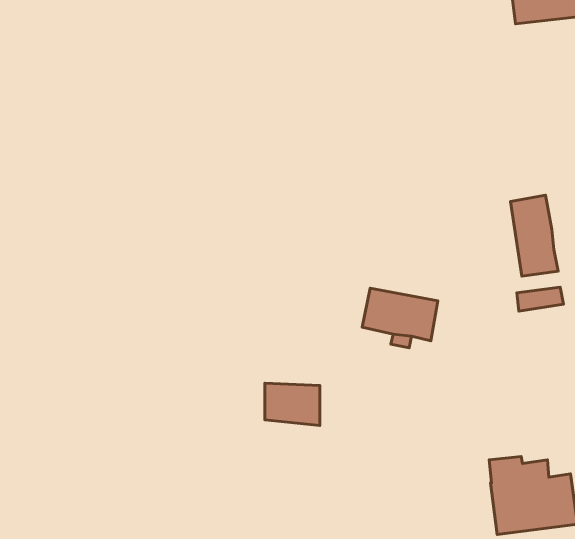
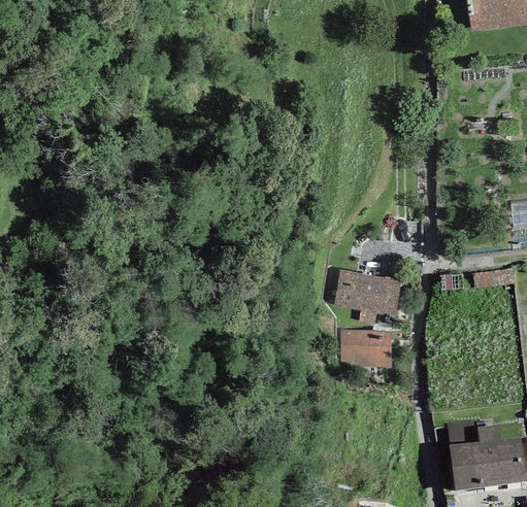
building: [510,195,558,276] -> none
building: [265,383,320,425] -> [342,330,392,368]

